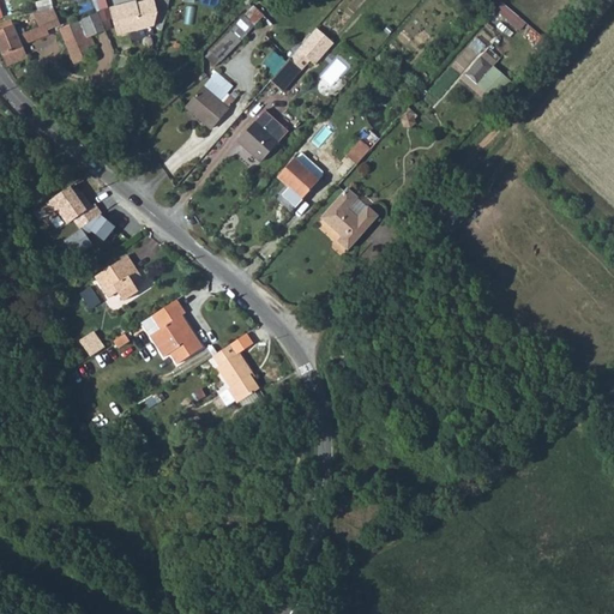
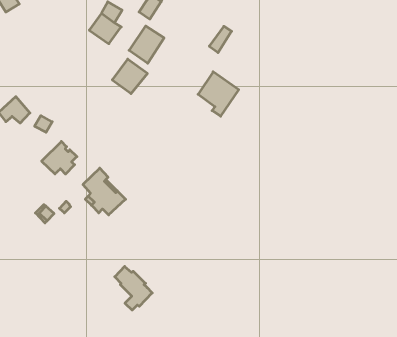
building: [276,154,325,201] -> [112,59,147,94]
building: [207,339,255,401] -> [115,266,152,310]

